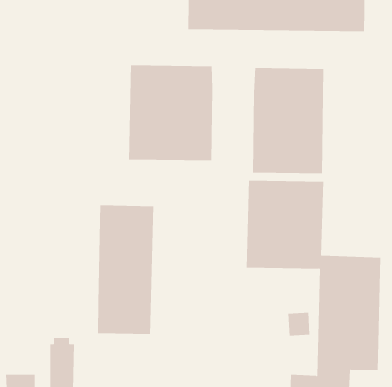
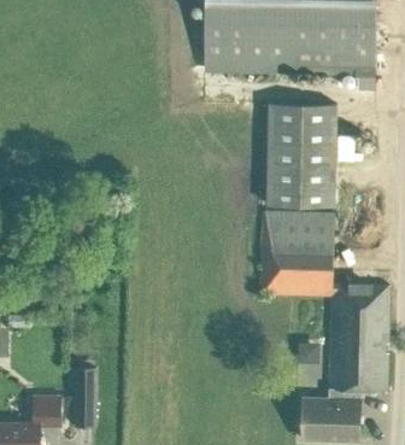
building: [129,65,213,161] -> none
building: [98,205,154,335] -> none

